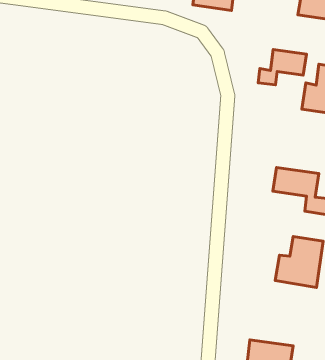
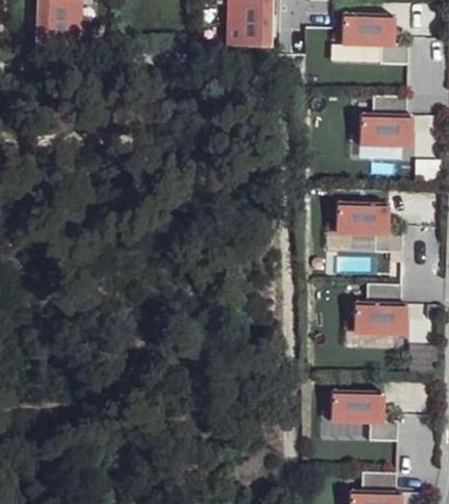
building: [258,49,307,85] -> none

